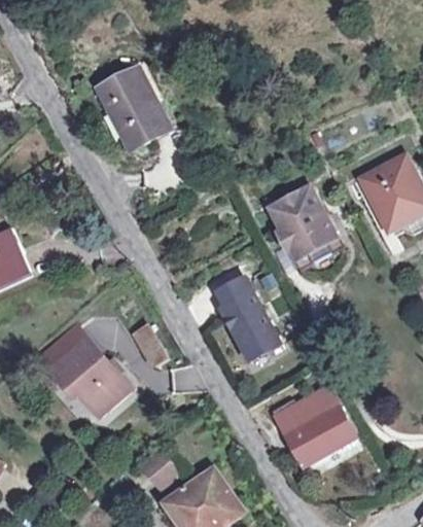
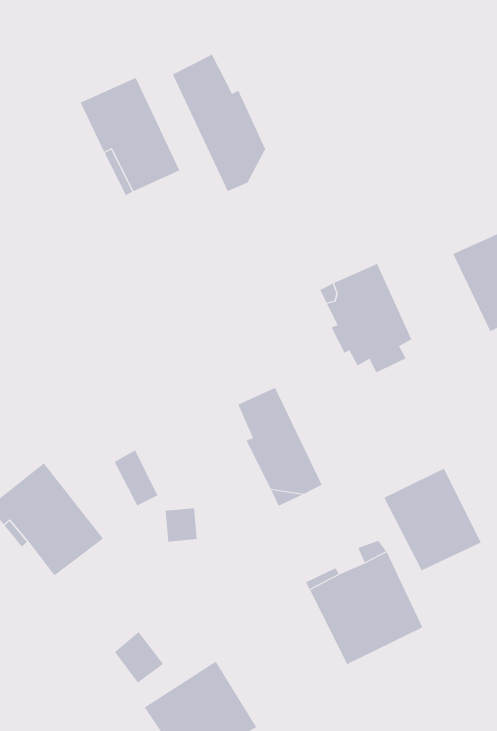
building: none -> [172,54,266,192]
building: none -> [384,468,482,571]

